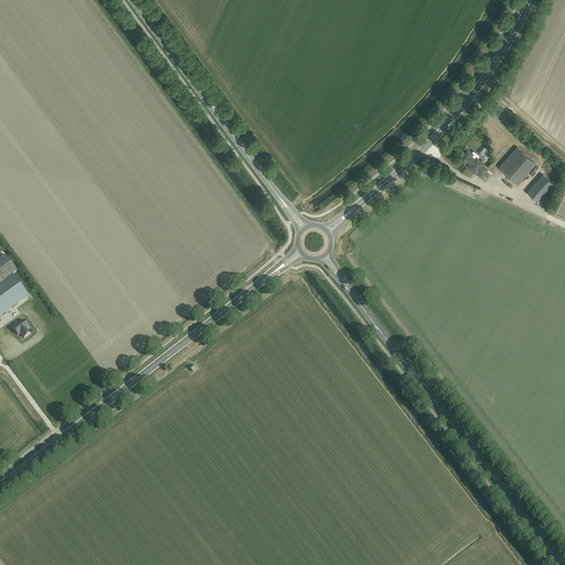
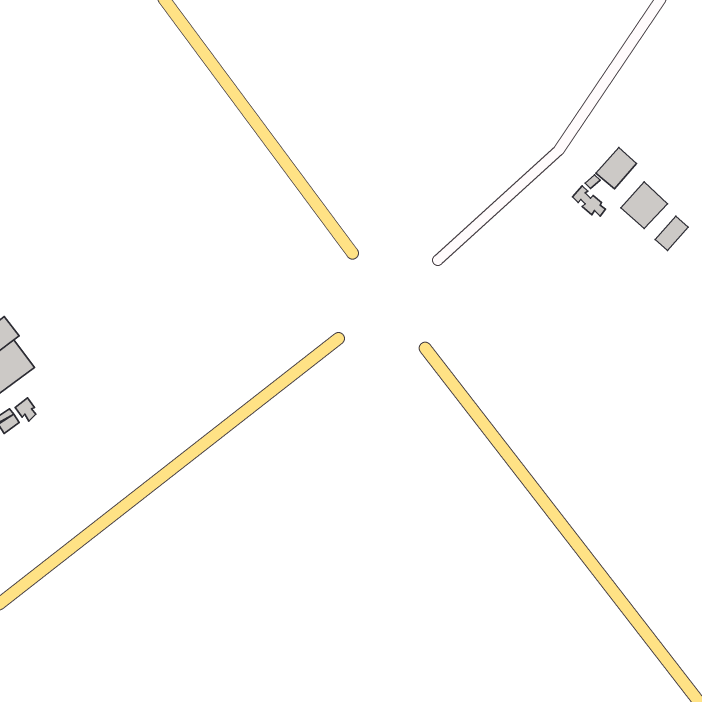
building: none -> [596,147,636,189]

